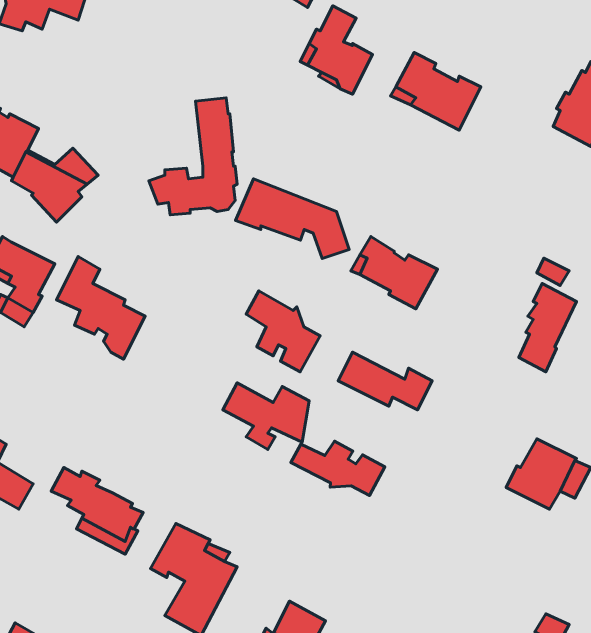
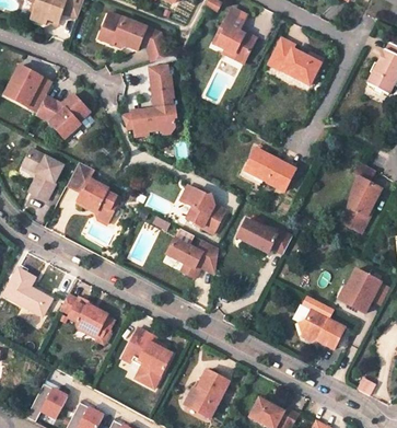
building: [235,179,349,258] -> [101,13,170,61]
building: [291,441,385,496] -> none
building: none -> [297,310,345,348]

